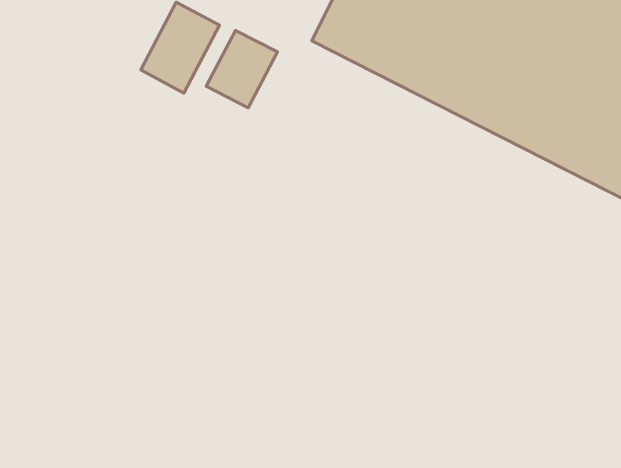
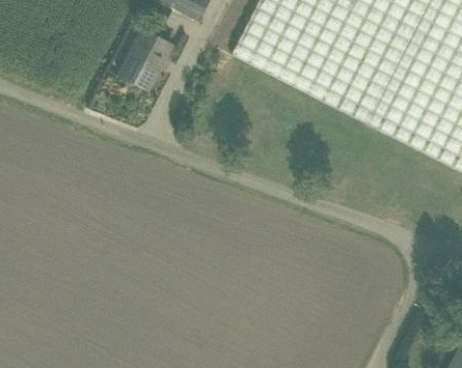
building: [206,30,277,108] -> none

